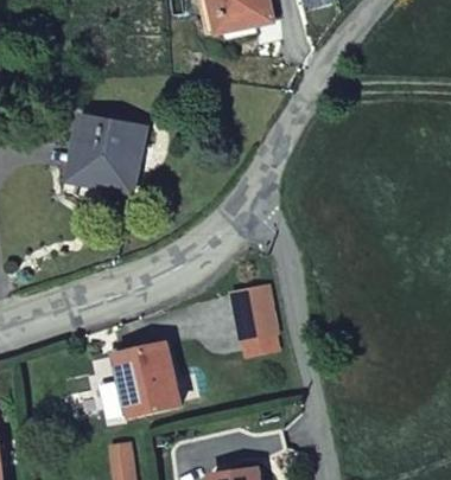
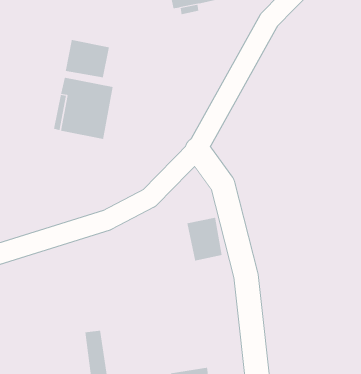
building: none -> [65,39,109,78]
building: [115,343,179,417] -> none

